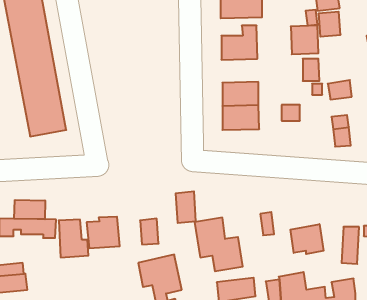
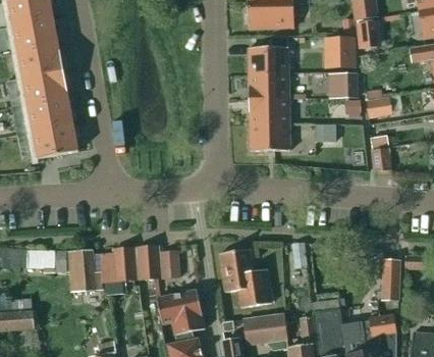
building: none -> [249,72,289,99]
building: [176,191,196,223] -> [138,245,160,279]
building: [14,200,45,219] -> none
building: [290,224,324,254] -> none

